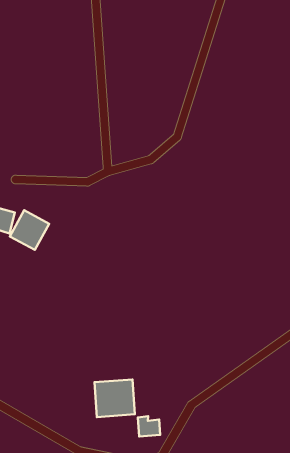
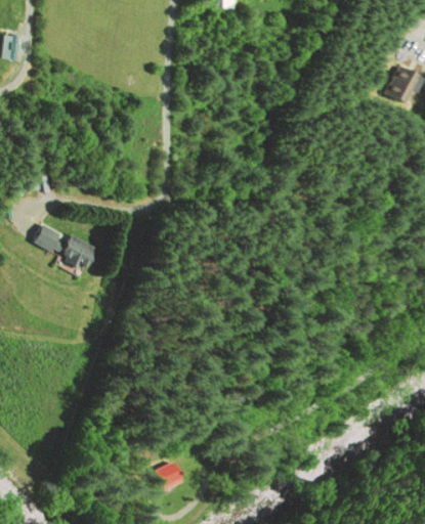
building: [95,379,135,417] -> none

